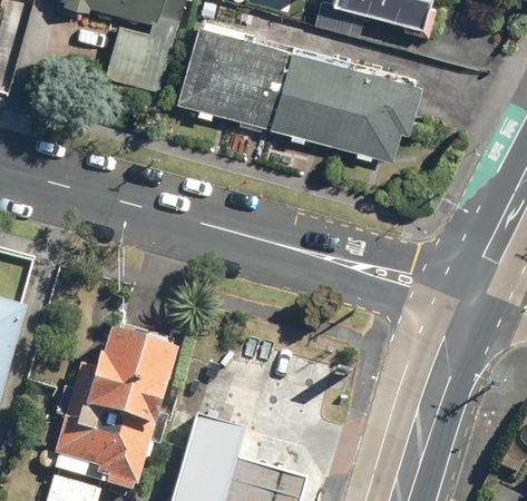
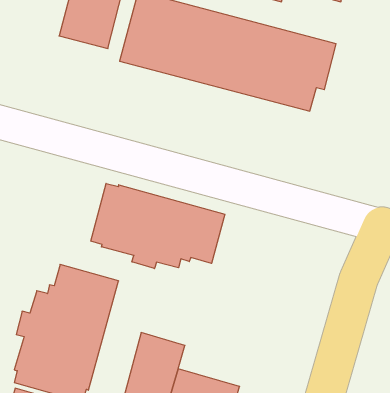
building: none -> [91,183,225,269]

